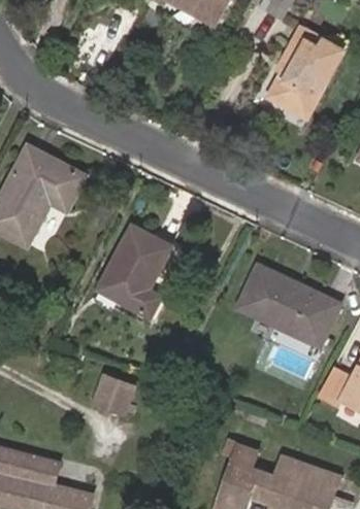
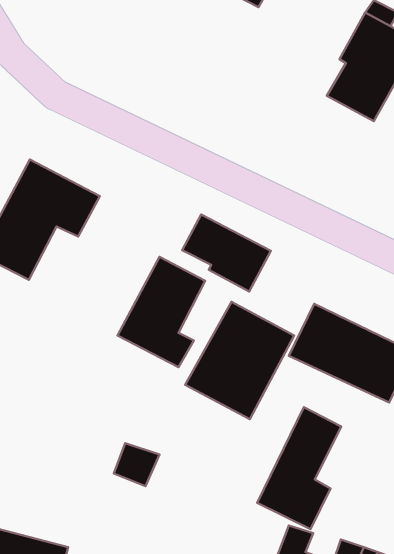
building: none -> [182,215,271,292]
building: none -> [185,302,294,419]
building: none -> [257,407,341,529]

